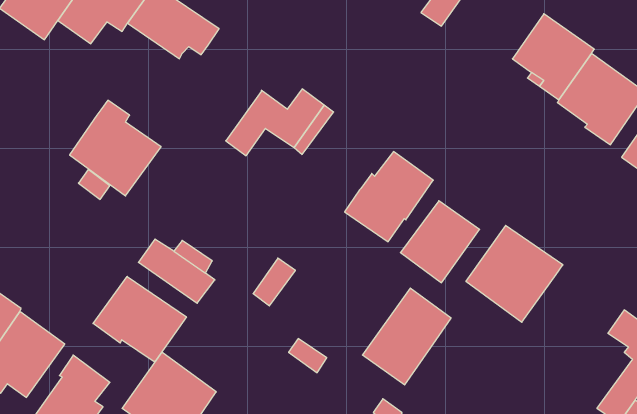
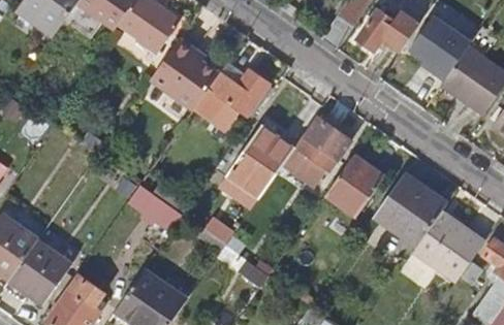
building: none -> [356,8,419,52]
building: [70,100,161,196] -> [150,38,219,110]
building: none -> [414,212,480,281]
building: [93,276,186,362] -> none
building: [362,288,451,385] -> [226,125,293,198]

